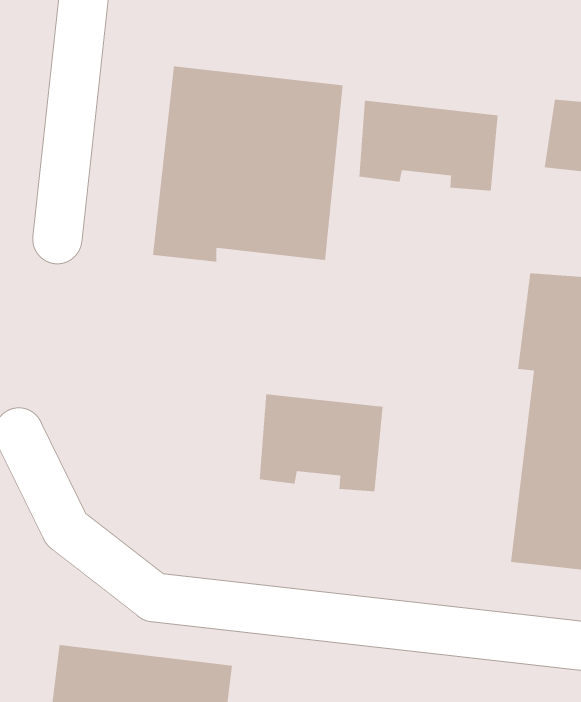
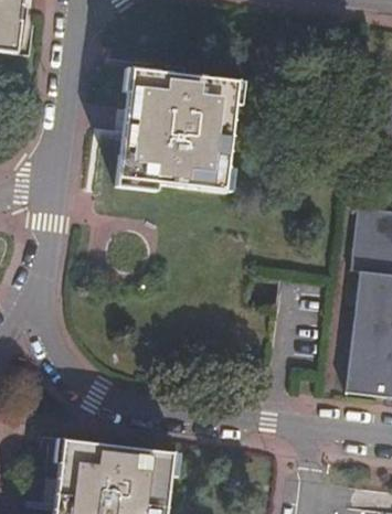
building: [359,100,498,191] -> none
building: [259,394,383,492] -> none

